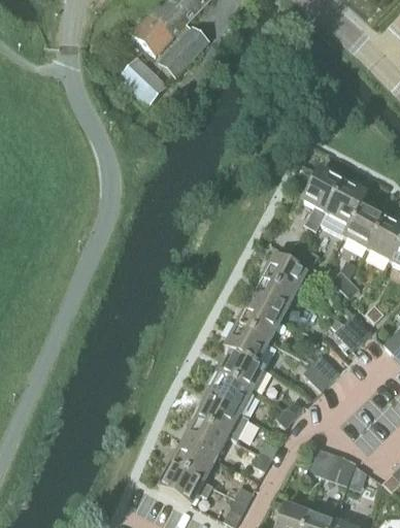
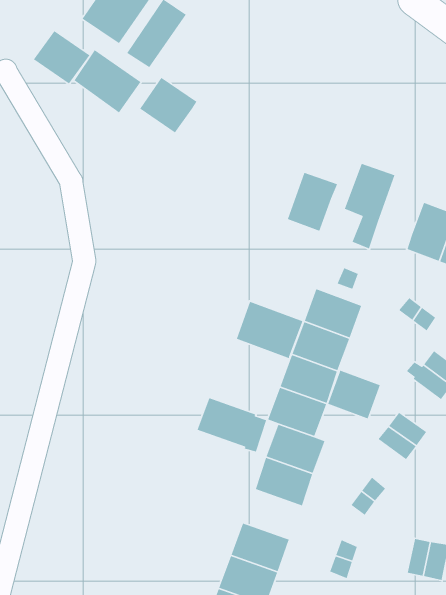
building: none -> [33,30,90,85]
building: none -> [139,77,197,133]
building: [327,179,368,225] -> [287,172,338,232]
building: none -> [236,301,303,359]
building: none -> [327,369,381,419]
building: [196,394,248,439] -> [197,397,267,452]

